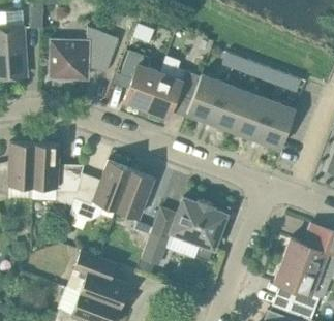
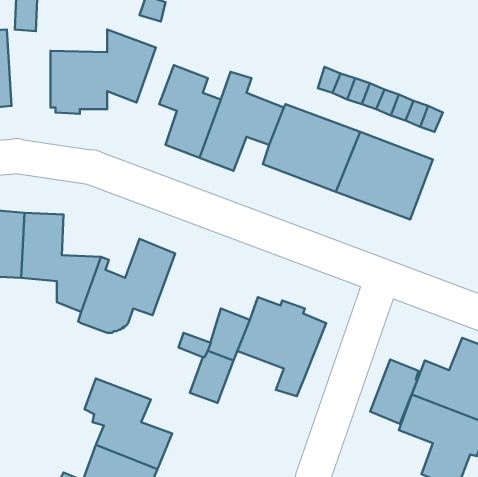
building: [116,170,153,218] -> none
building: none -> [370,360,418,424]

